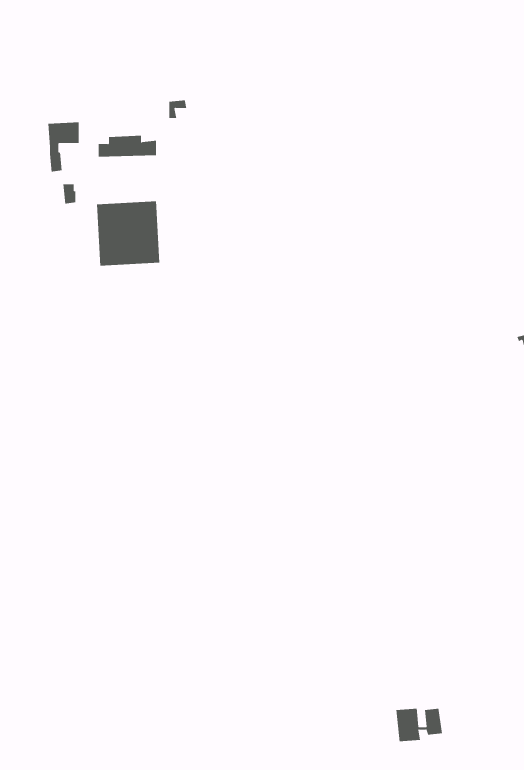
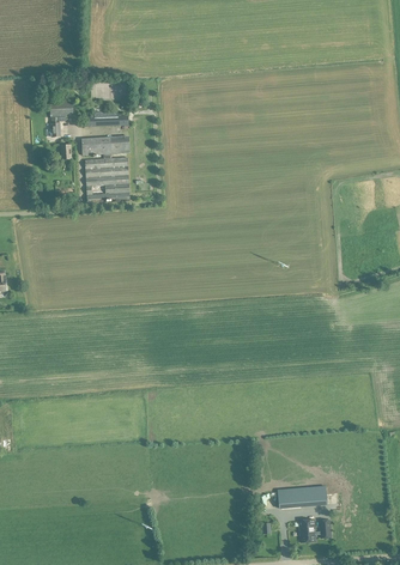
building: none -> [80,134,129,153]
building: none -> [277,485,326,506]

